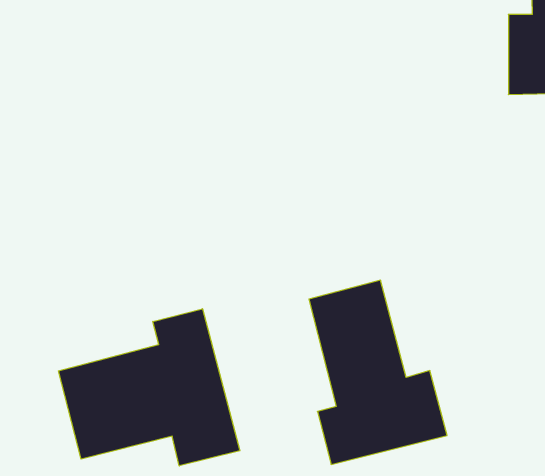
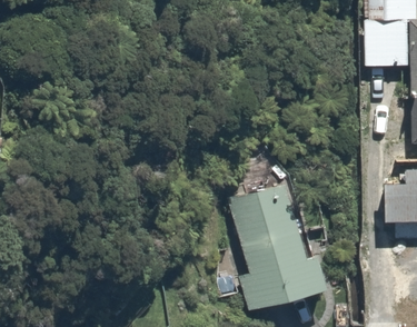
building: [59,309,240,466] -> none

